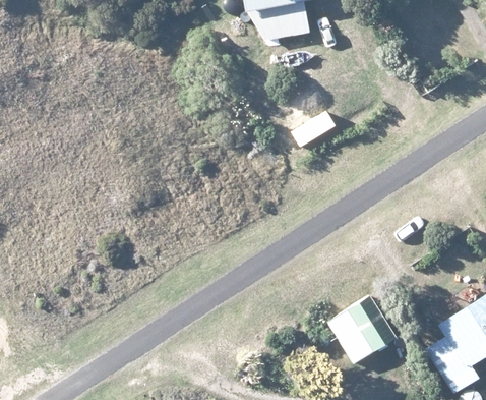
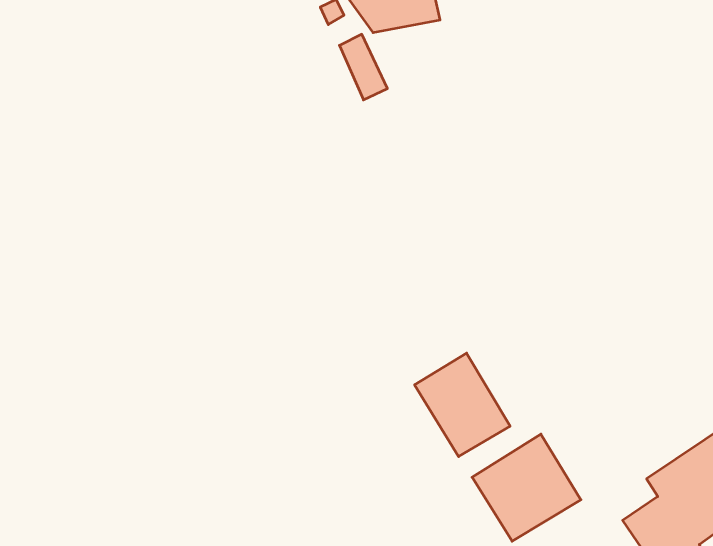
building: none -> [415,353,510,457]

